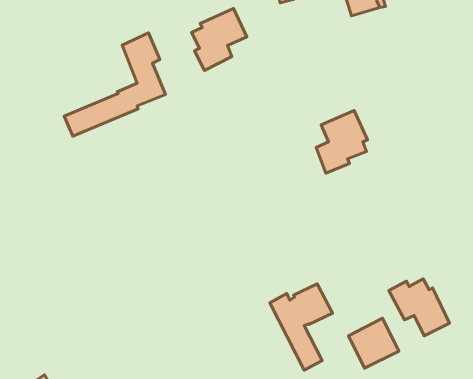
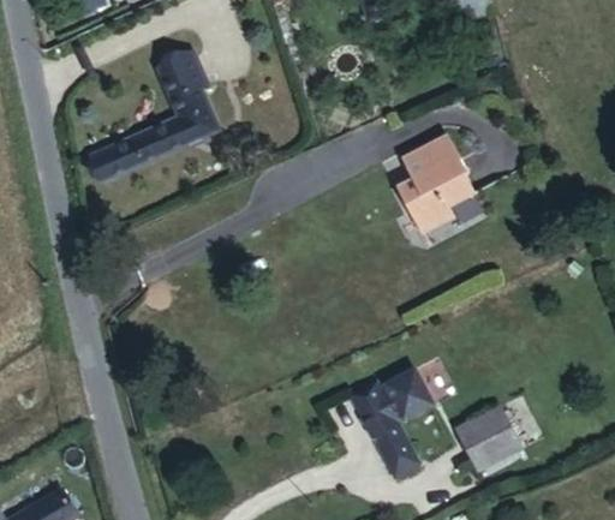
building: [192,9,247,71] -> none
building: [389,279,450,336] -> none

